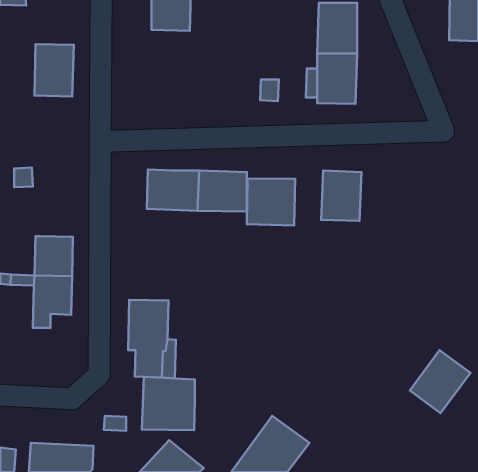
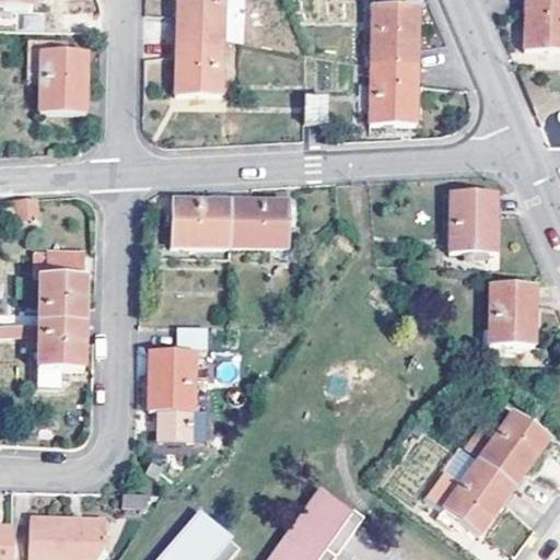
building: none -> [175,35,222,95]
building: [321,170,362,221] -> [451,189,498,248]
building: [247,179,295,225] -> none
building: none -> [47,249,84,277]
building: none -> [488,281,534,341]
building: [142,377,195,430] -> none
building: none -> [443,456,515,532]

